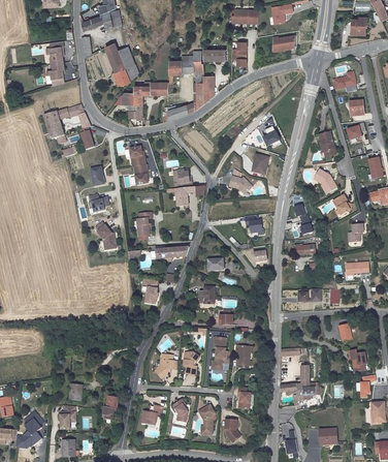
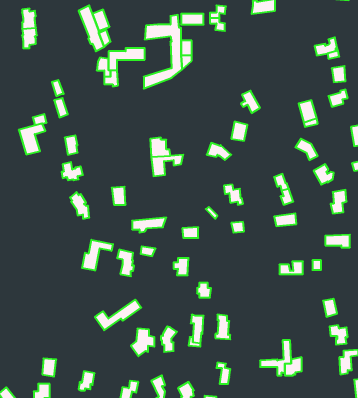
building: [43,107,69,137] -> [19,123,45,154]
building: [130,146,149,184] -> none
building: none -> [82,240,113,271]
building: none -> [95,300,141,330]

